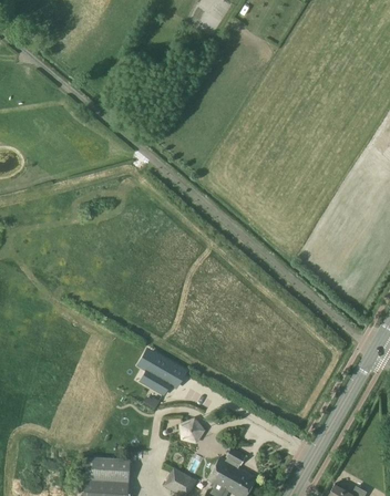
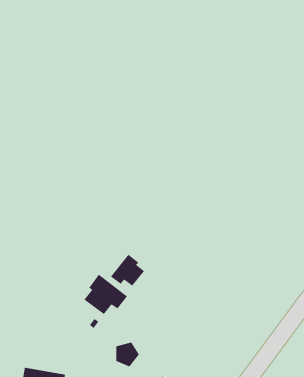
building: none -> [110,254,145,286]

